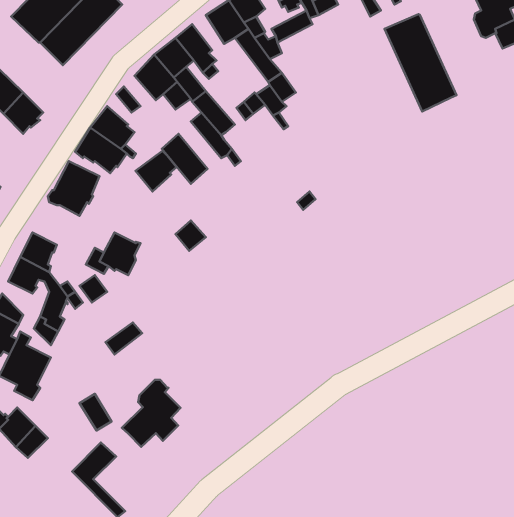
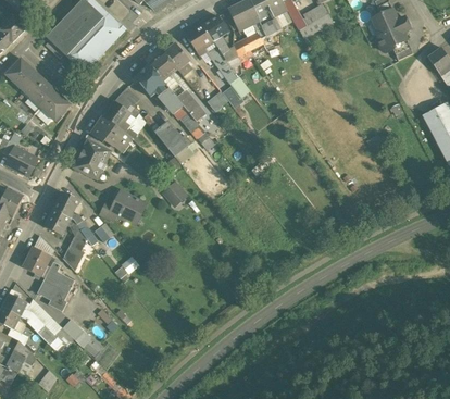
building: [385,14,456,111] -> none
building: [135,151,177,191] -> none
building: [122,380,181,447] -> none

